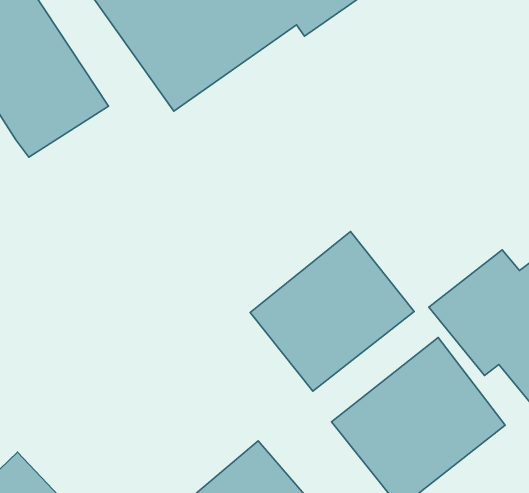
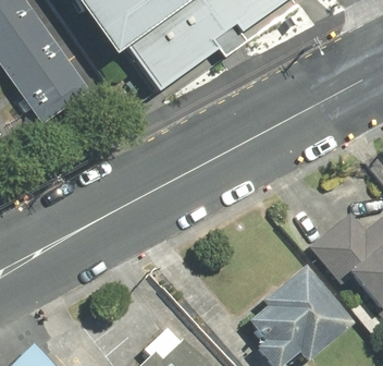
building: [250,231,414,391] -> none

